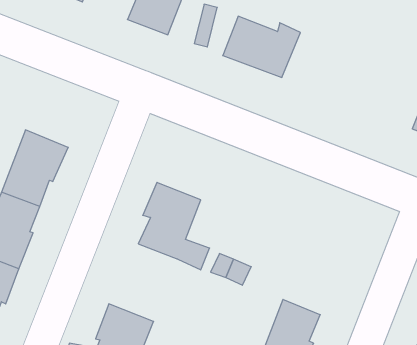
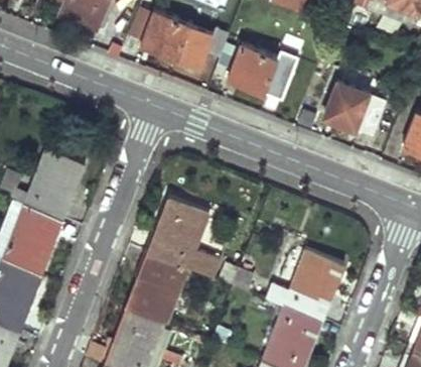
building: none -> [326,82,385,135]
building: none -> [266,251,342,319]
building: none -> [124,253,187,325]

